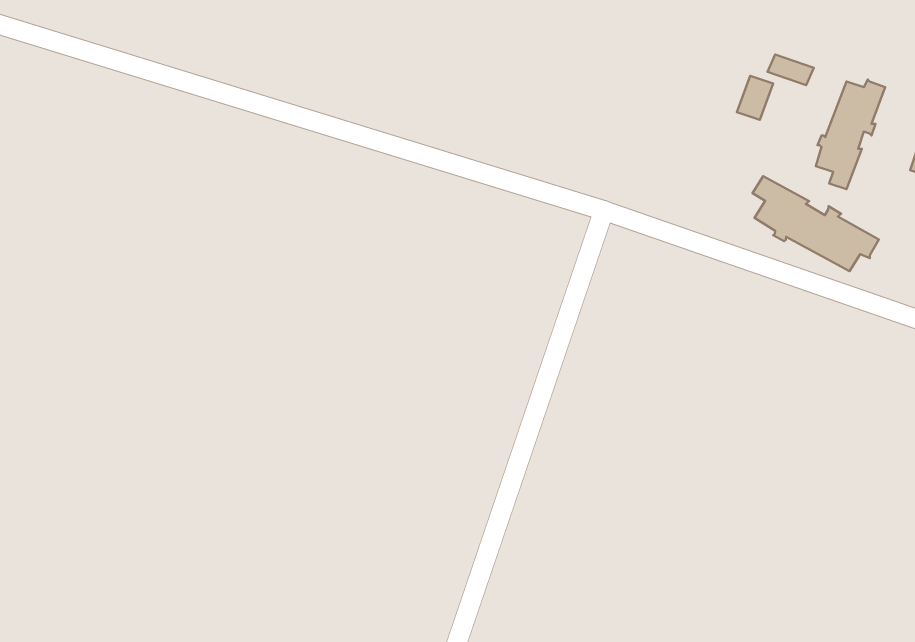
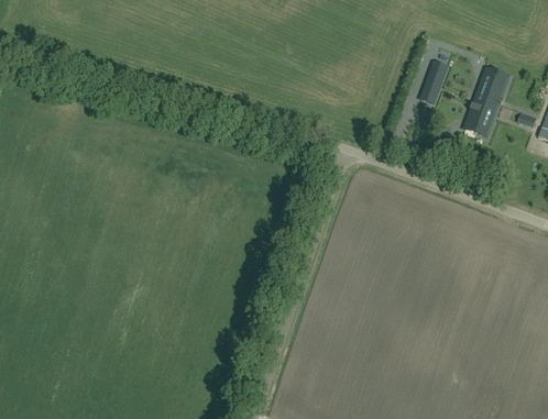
building: [753,176,879,271] -> none

